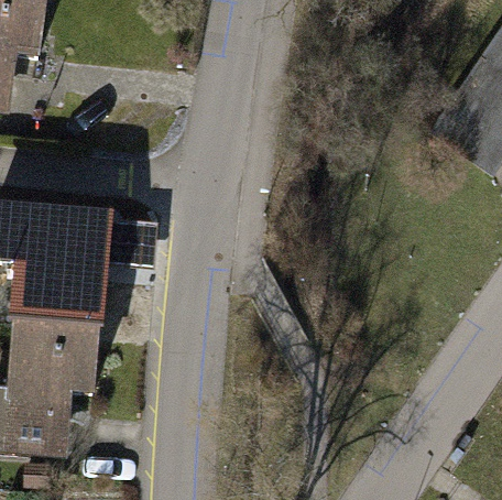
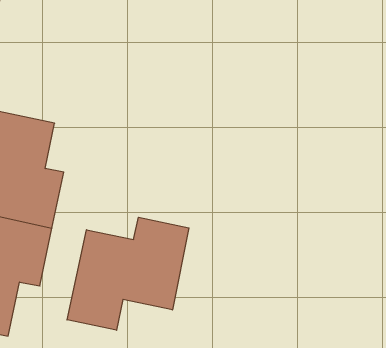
building: none -> [67,217,189,330]

